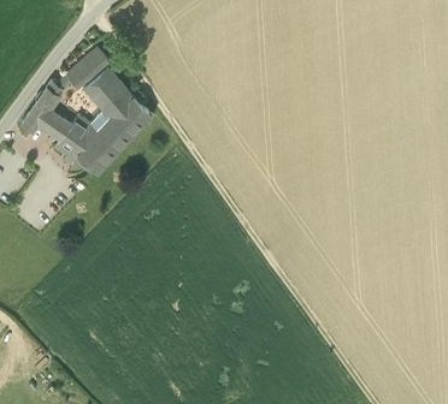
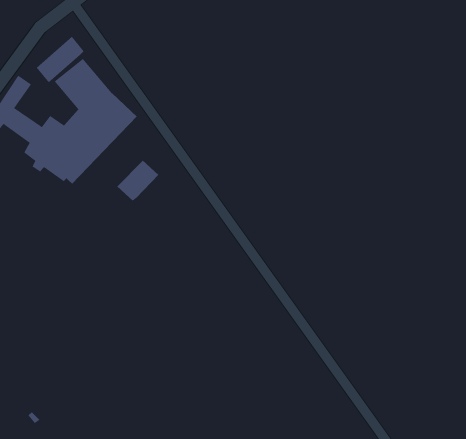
building: none -> [117,160,159,202]

